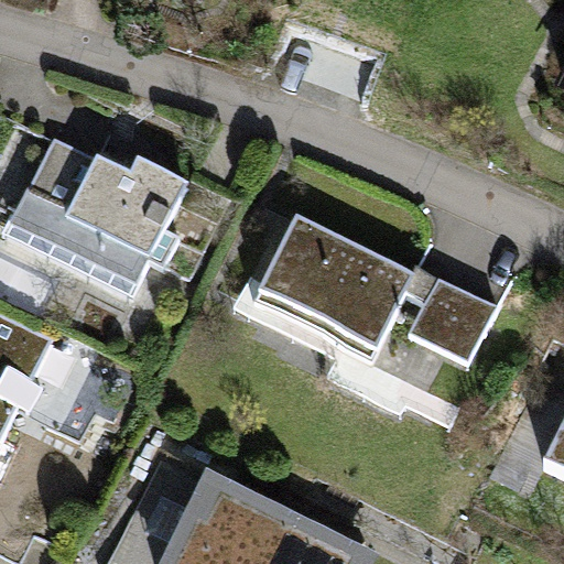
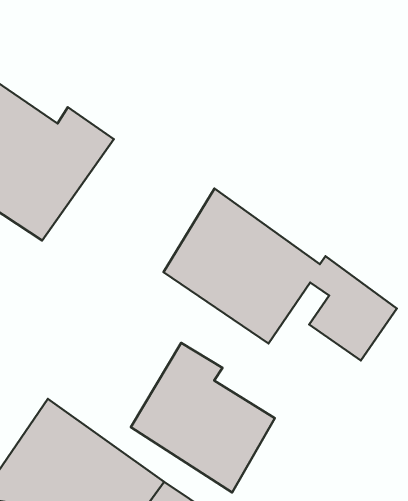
building: none -> [131,343,275,492]

